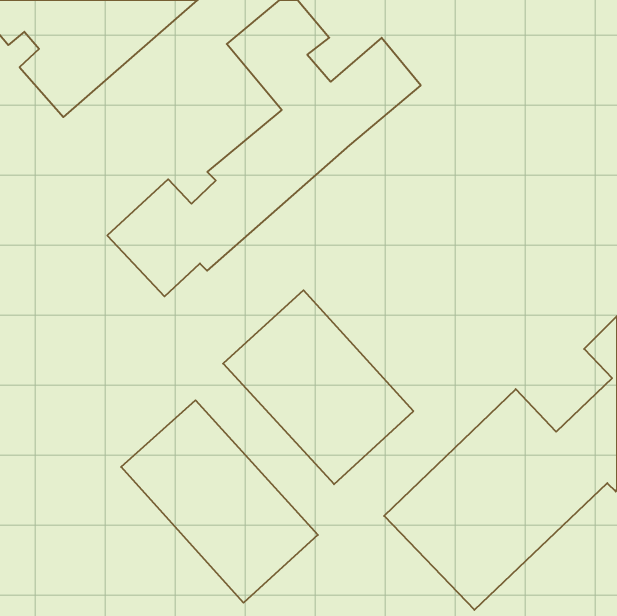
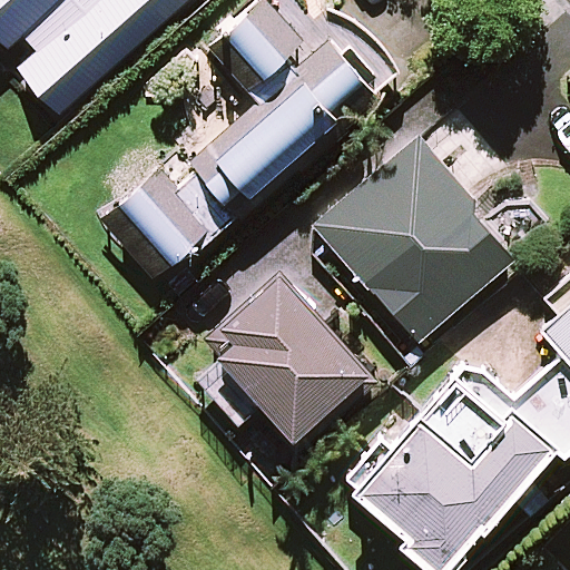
building: none -> [313,139,514,341]
building: [121,400,318,603] -> none

